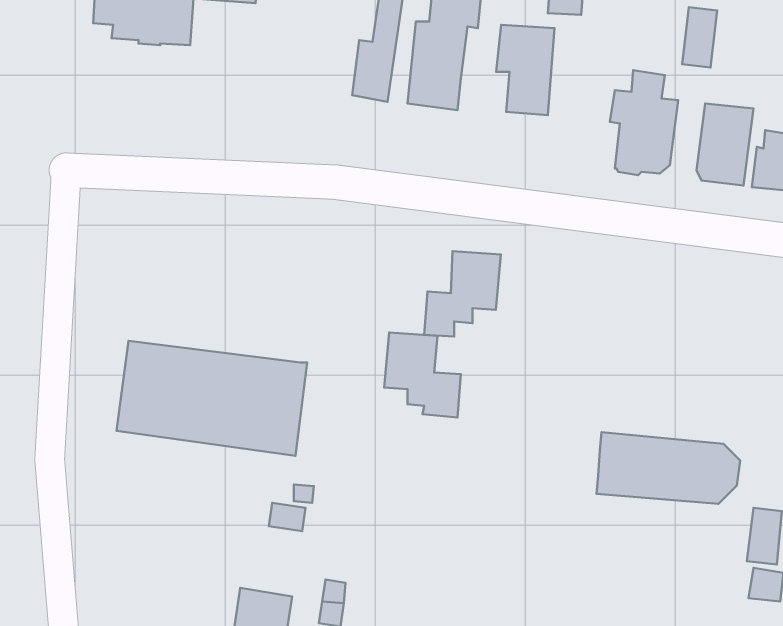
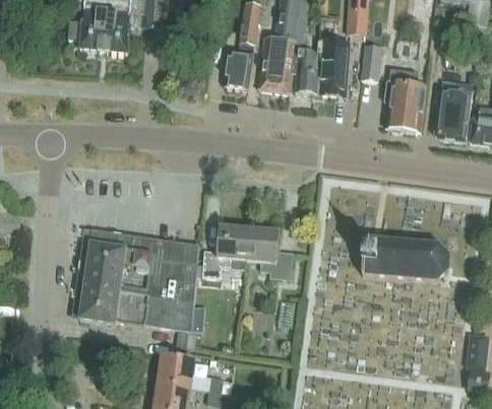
building: [682,7,717,67] -> [360,44,381,80]
building: none -> [293,41,319,93]
building: [424,251,501,336] -> [202,224,249,276]
building: none -> [79,286,192,329]
building: [596,432,740,504] -> [362,235,449,279]
building: none -> [159,354,194,387]

